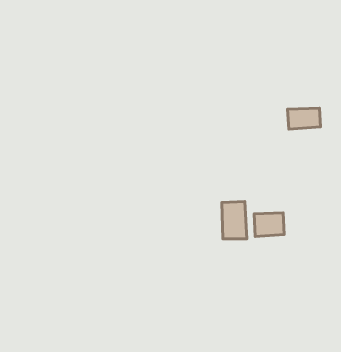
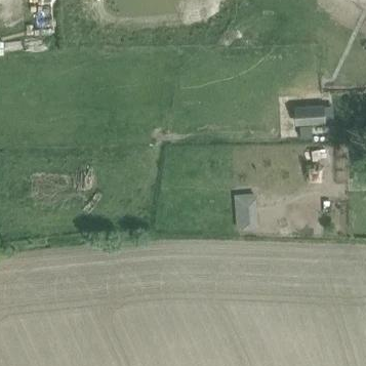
building: [254,213,284,237] -> none

